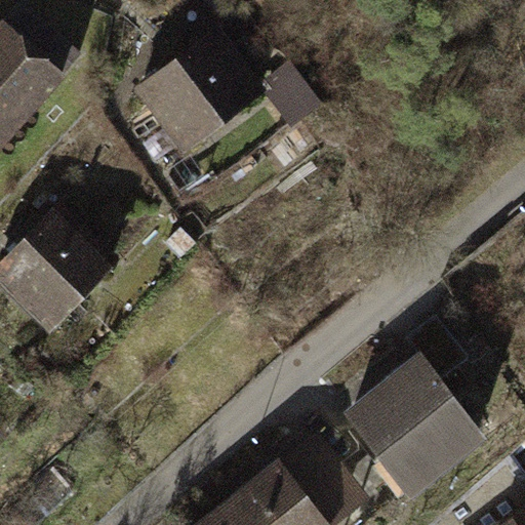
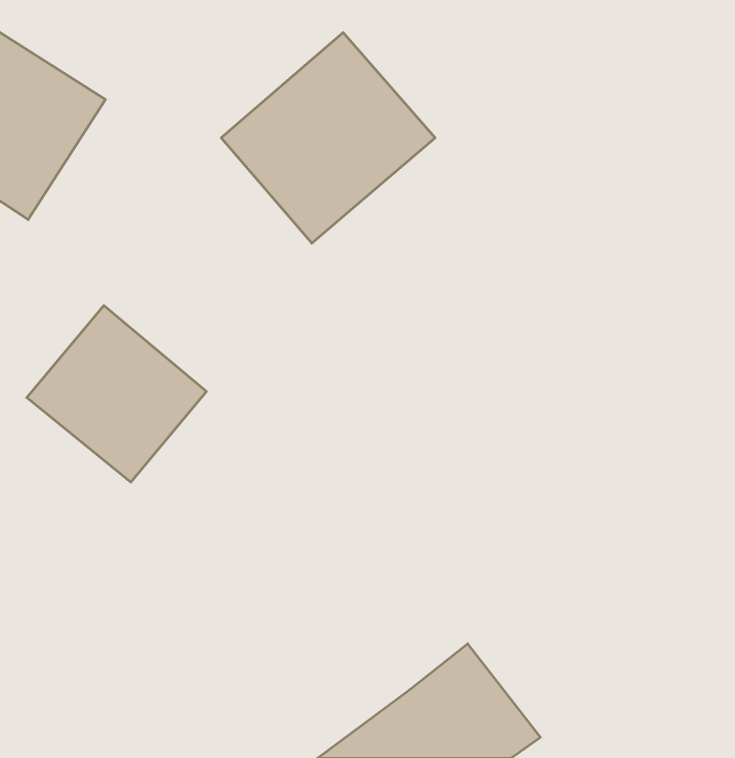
building: [351,345,495,486] -> none

